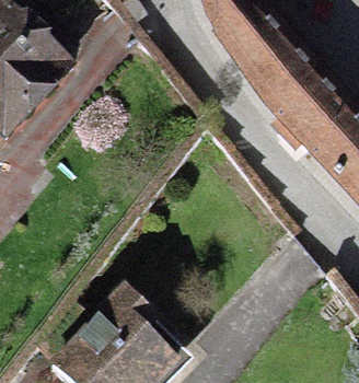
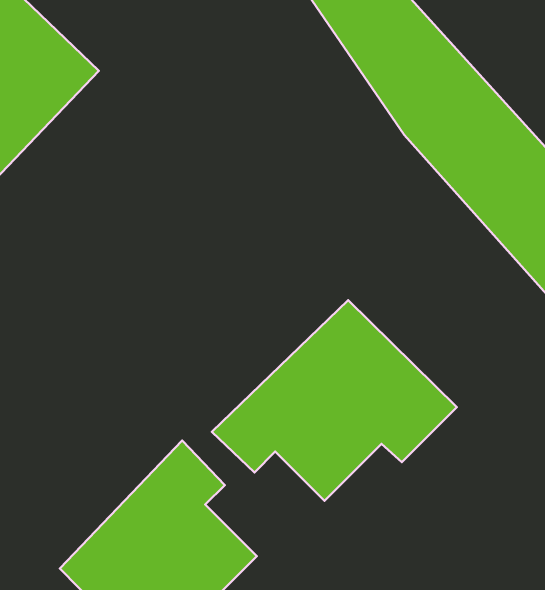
building: none -> [212,300,457,501]

